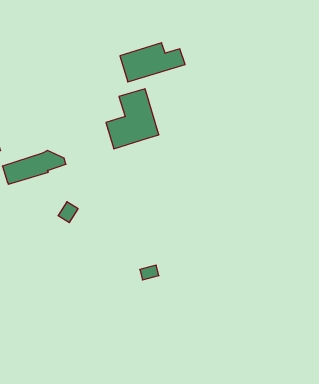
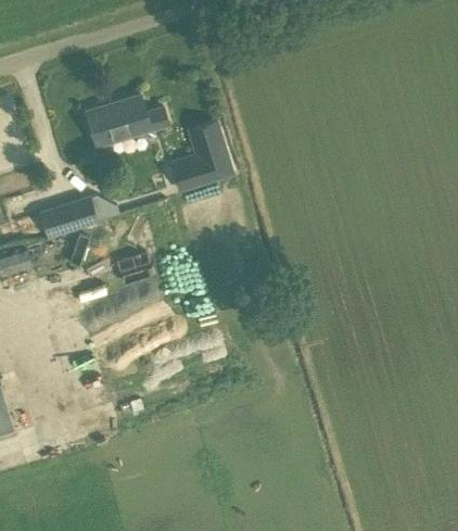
building: [120,43,185,82] -> [87,97,168,146]

